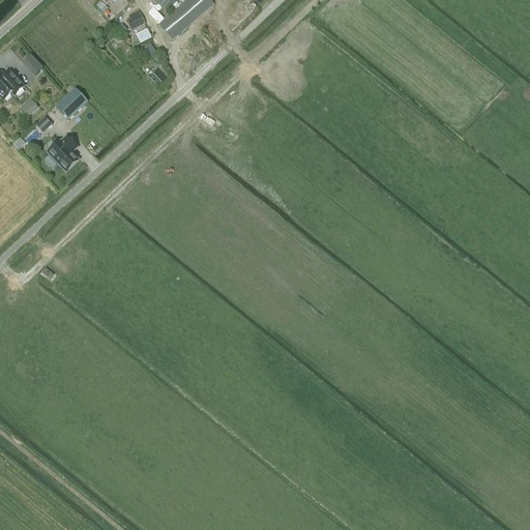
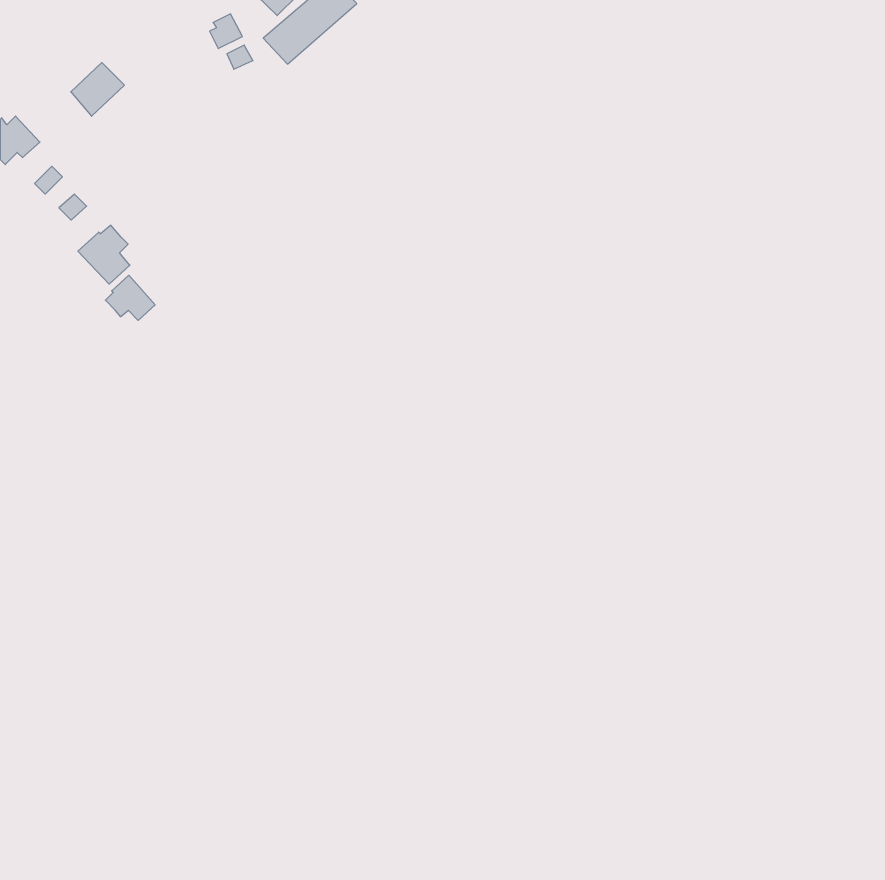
building: [56,87,88,119] -> [71,63,124,116]
building: none -> [105,275,155,320]

